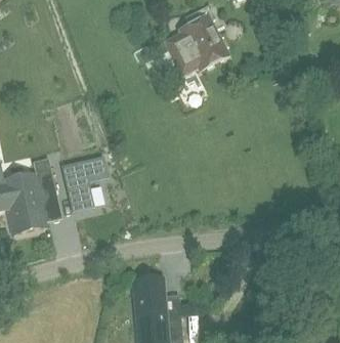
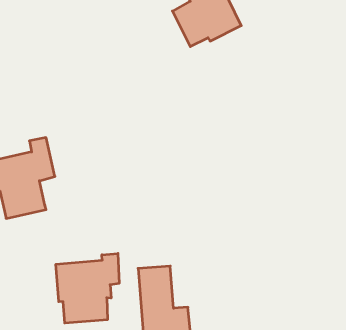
building: [62,157,107,210] -> none
building: none -> [56,253,119,323]

